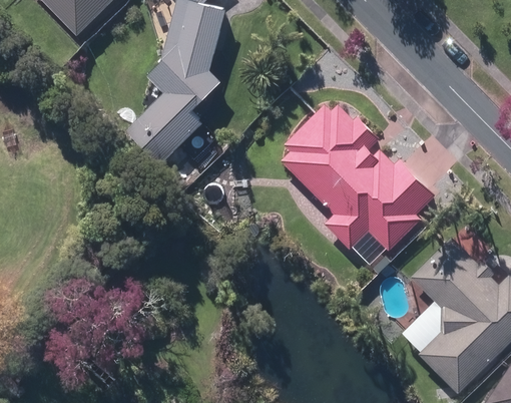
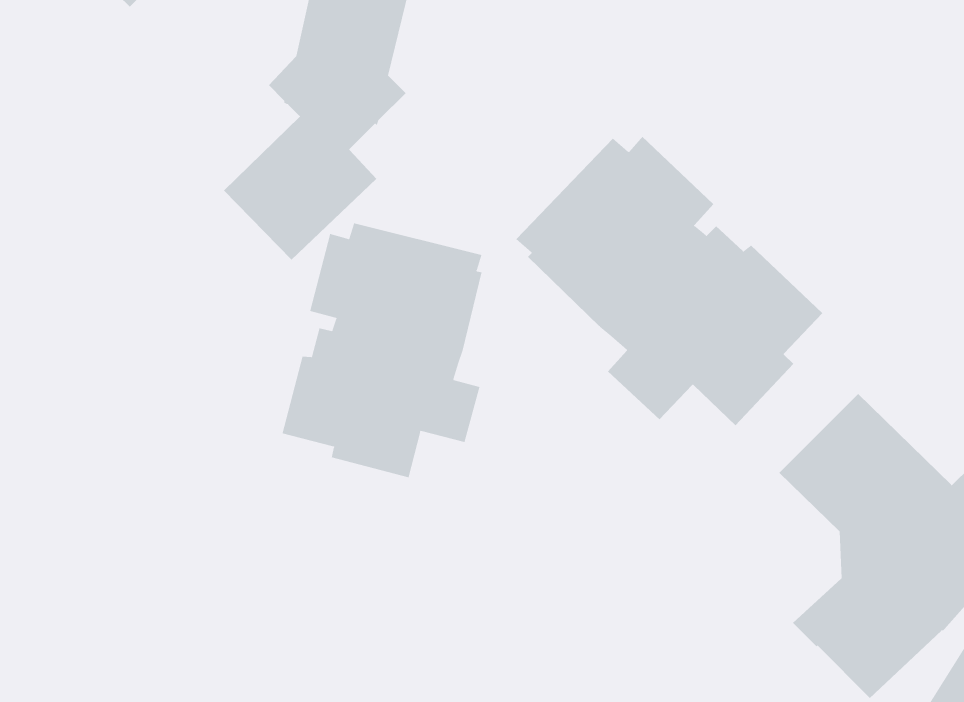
building: none -> [282,223,482,478]

